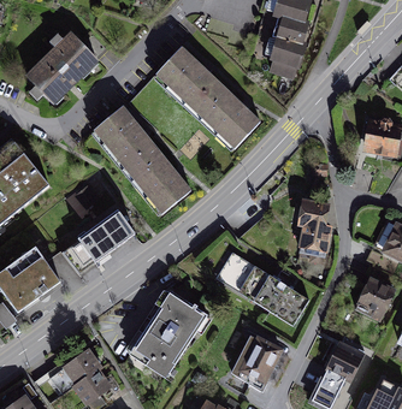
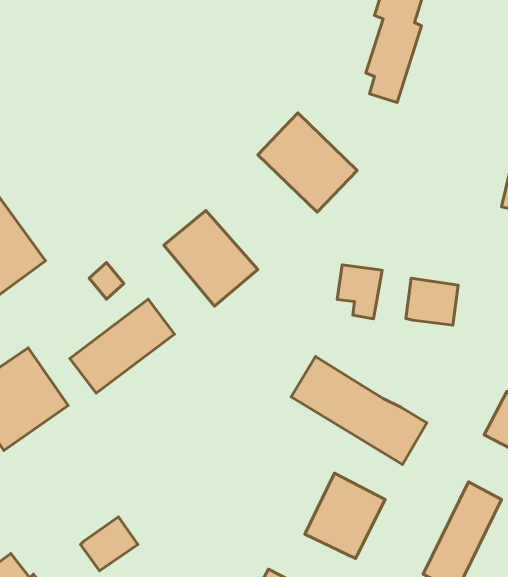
building: [25,32,100,105] -> none
building: [155,46,223,112] -> none
building: [94,107,159,174] -> none
building: [298,226,330,263] -> [337,265,382,319]
building: [134,292,207,374] -> none
building: [60,342,101,379] -> none

